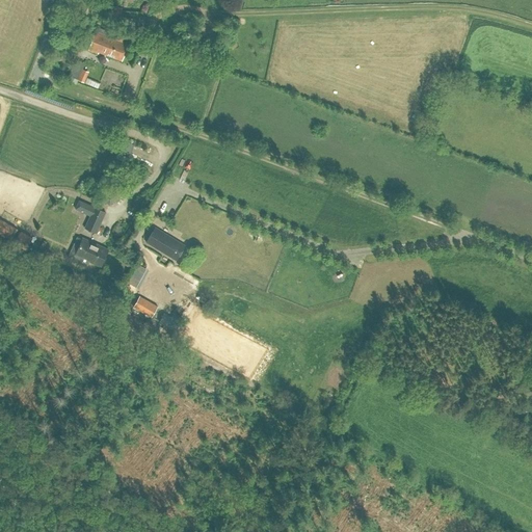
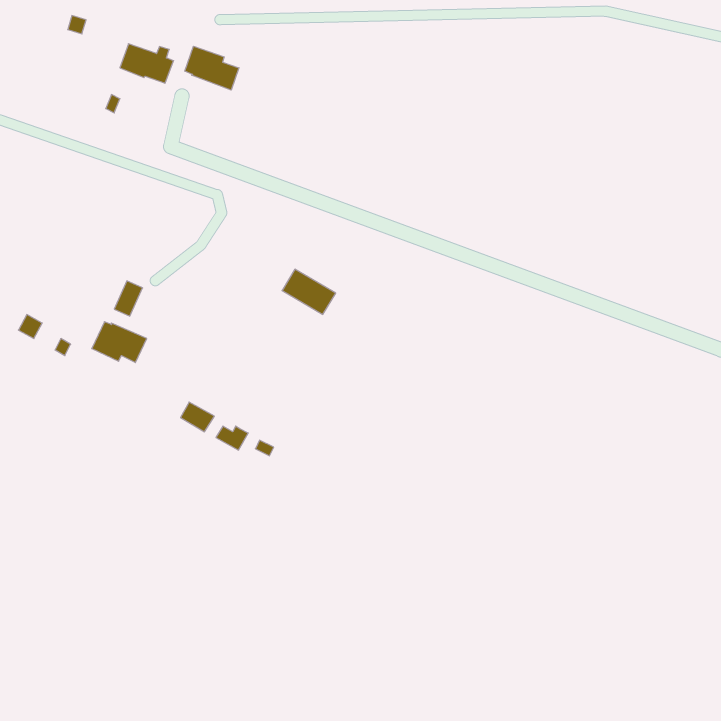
building: none -> [185,46,239,90]
building: [145,228,185,261] -> [282,269,336,314]

